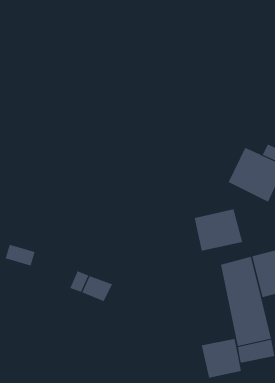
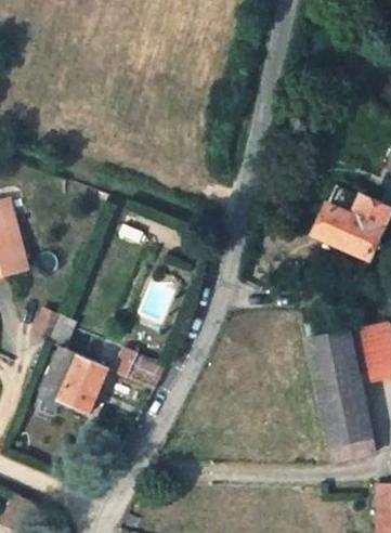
building: [194,208,243,252] -> none
building: none -> [43,350,109,413]
building: [201,338,241,379] -> none

